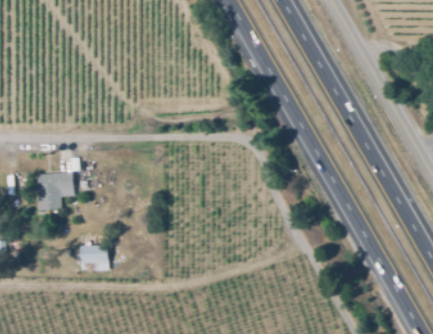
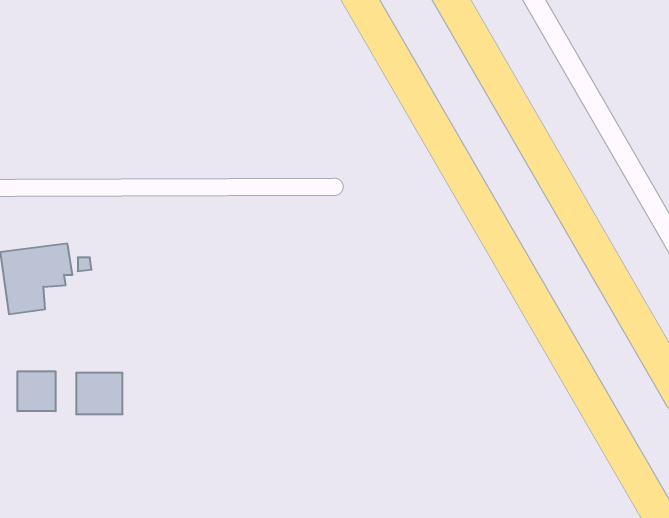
building: none -> [18,371,56,411]

